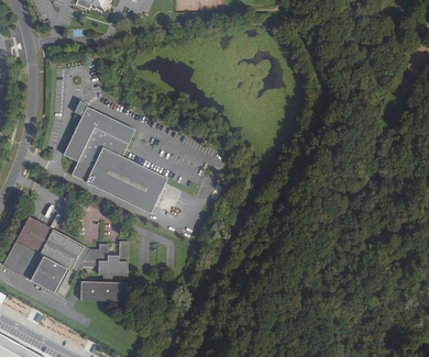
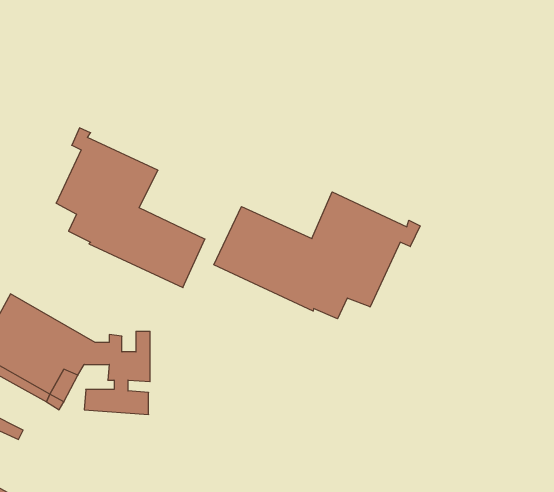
building: none -> [214,192,420,319]

